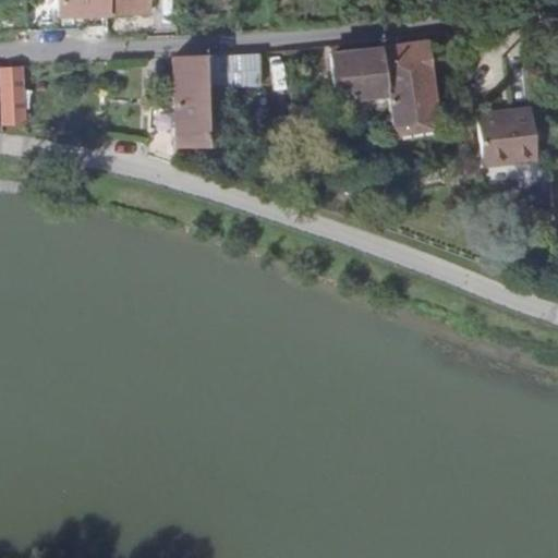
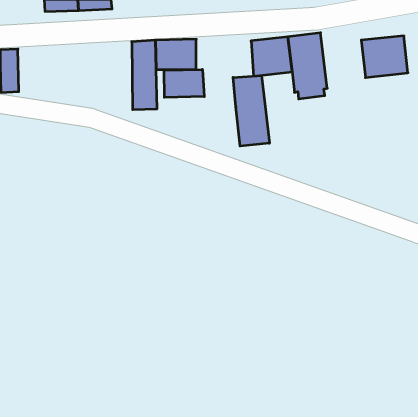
building: none -> [164,69,204,97]
building: none -> [233,76,269,146]
building: [480,112,542,168] -> [361,36,408,78]

